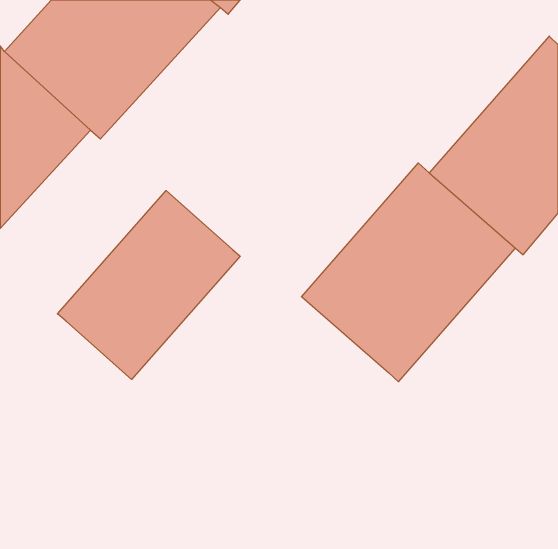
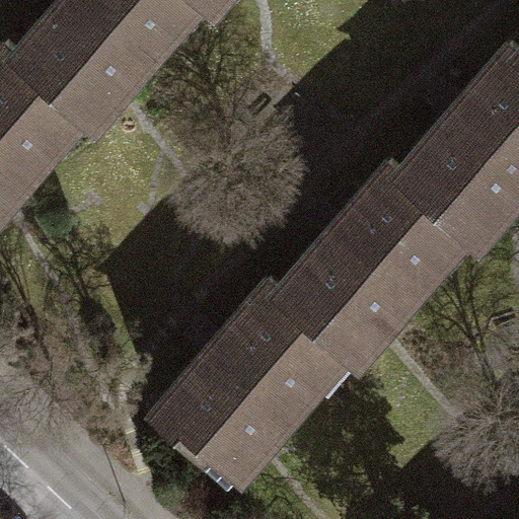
building: [57,191,240,379] -> none
building: none -> [164,276,361,475]

